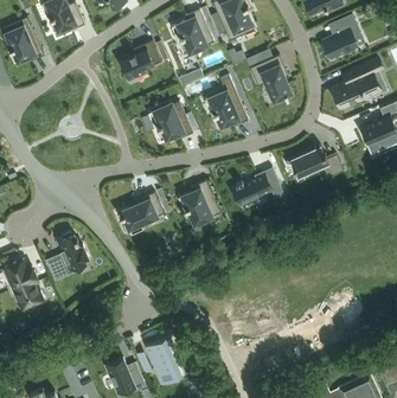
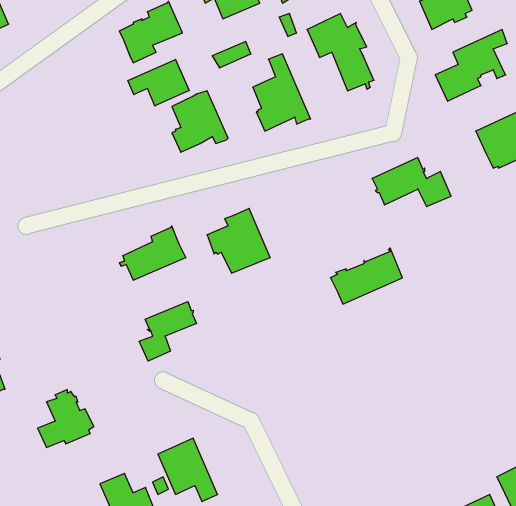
building: none -> [128,59,189,106]
building: [231,167,280,205] -> [330,248,402,304]
building: [50,233,88,272] -> [38,390,94,447]
building: none -> [139,302,197,361]

